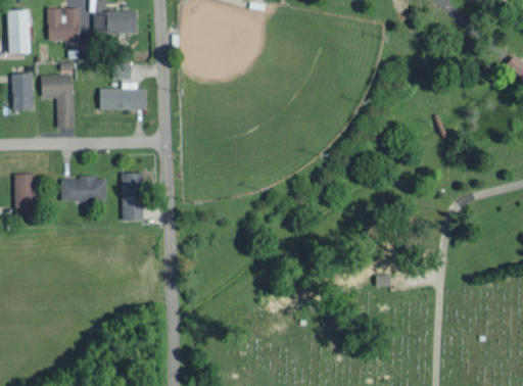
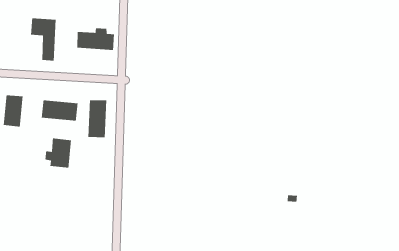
building: [10,73,34,110] -> none
building: none -> [45,138,72,168]

